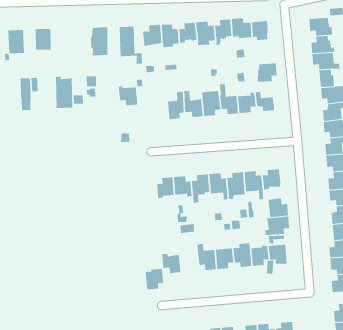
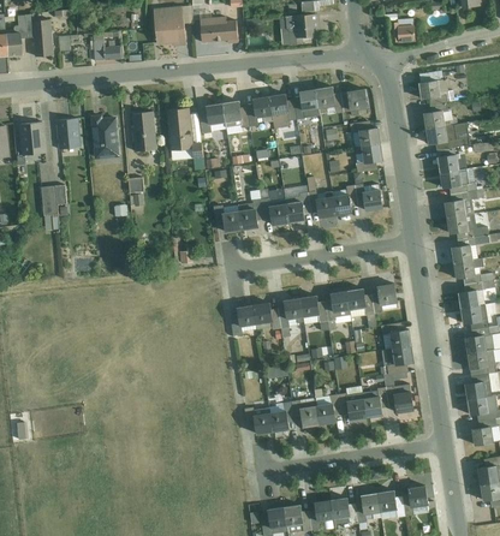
building: none -> [350,120,380,148]
building: [55,76,73,108] -> [91,115,118,159]
building: [118,86,138,106] -> [213,204,242,231]
building: [145,268,164,290] -> [268,400,294,430]

